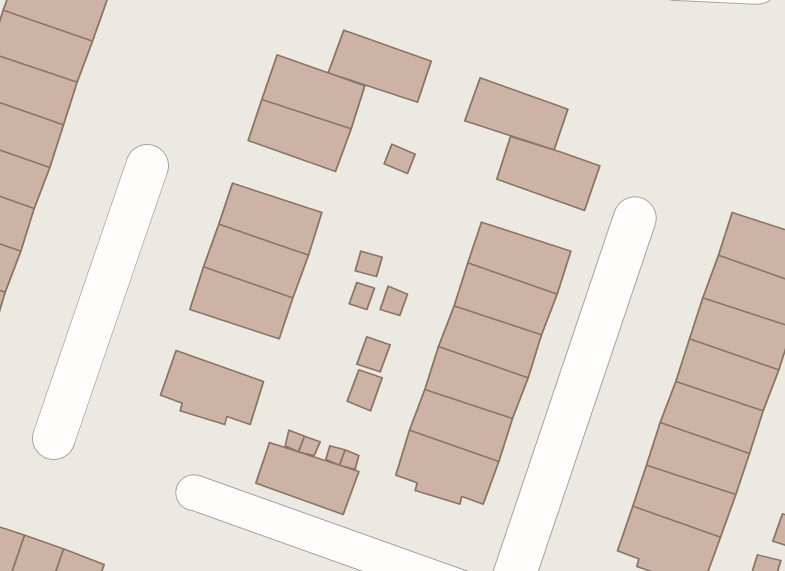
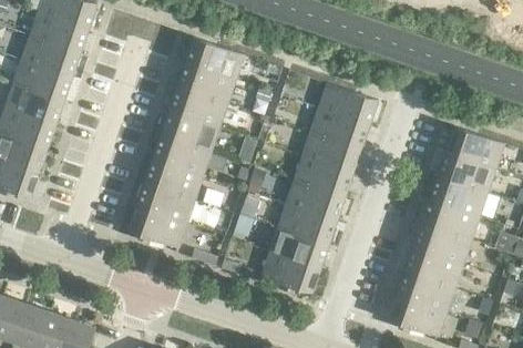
building: [328,30,431,102] -> [167,85,226,126]
building: [465,78,568,150] -> [309,108,368,149]
building: [256,442,359,514] -> [135,182,194,223]

